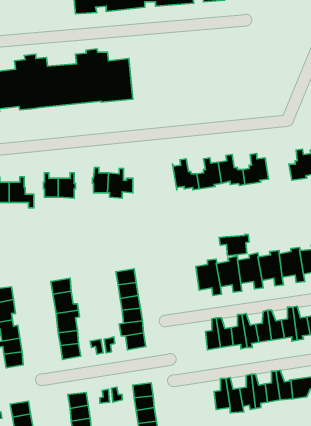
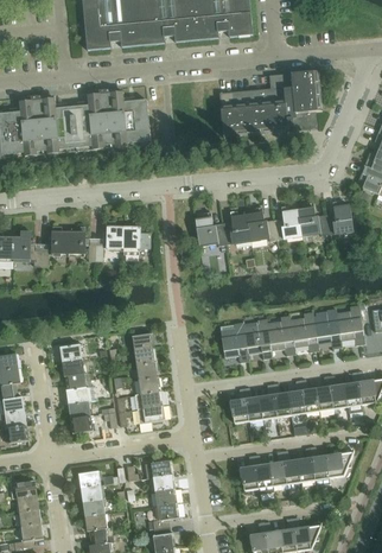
building: none -> [219,70,321,136]
building: none -> [298,201,327,235]
building: [219,234,249,256] -> none

